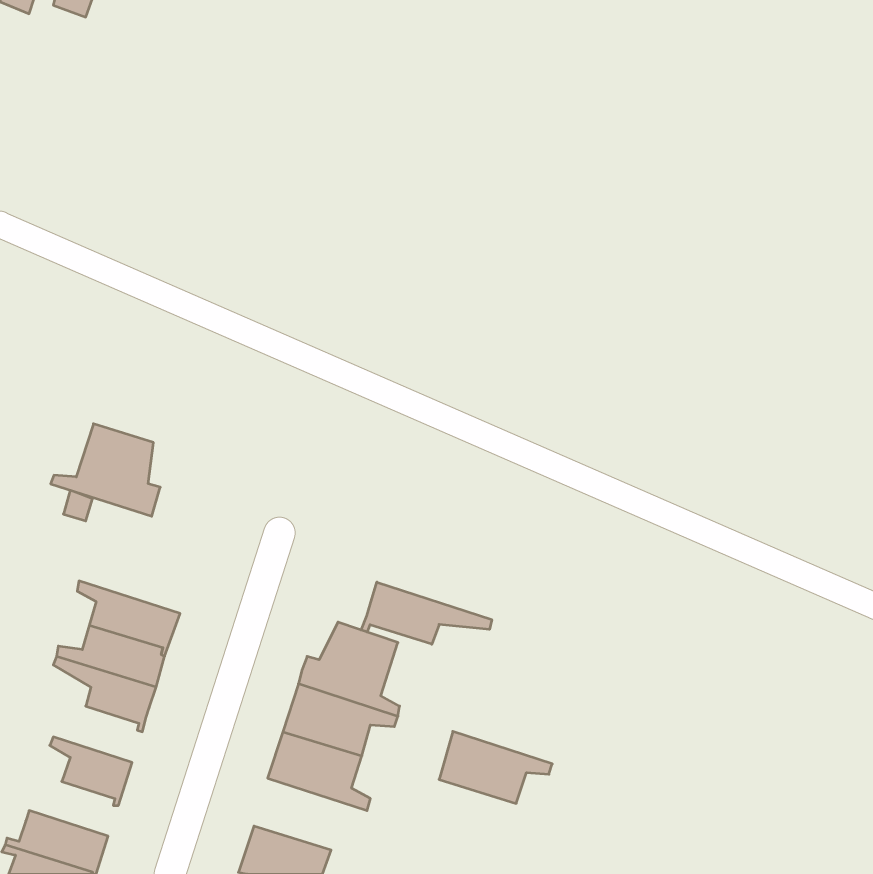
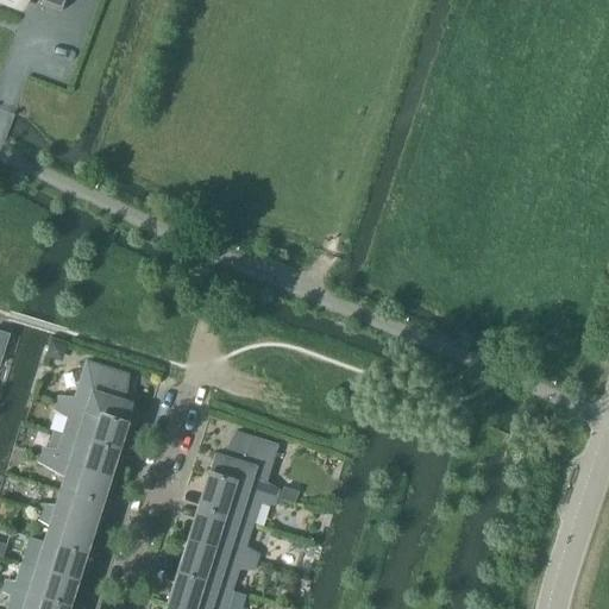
building: [51,424,160,516] -> [57,362,133,426]
building: [361,582,492,644] -> none
building: none -> [39,490,101,529]
building: [439,731,552,803] -> [178,540,257,590]
building: none -> [23,538,84,580]

